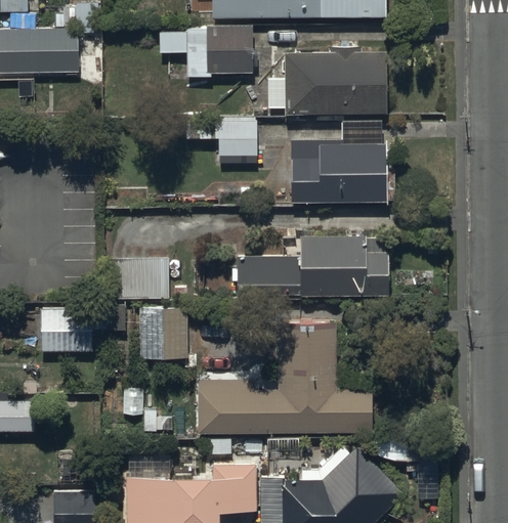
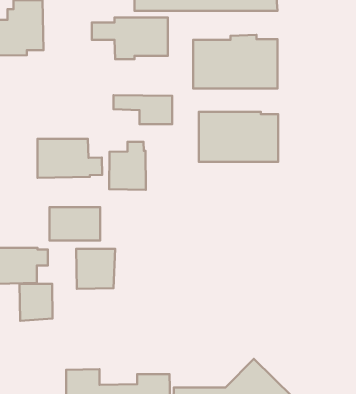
building: none -> [37,139,102,178]
building: none -> [109,142,146,190]
building: [237,236,389,297] -> none
building: [197,322,372,434] -> none
building: none -> [19,284,52,321]

